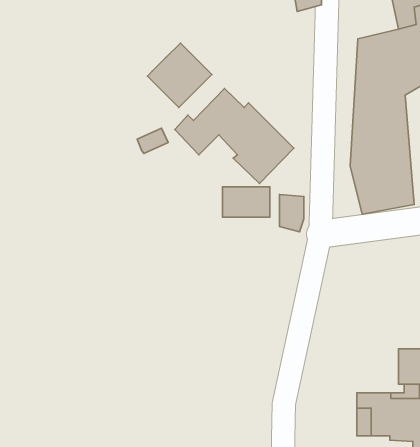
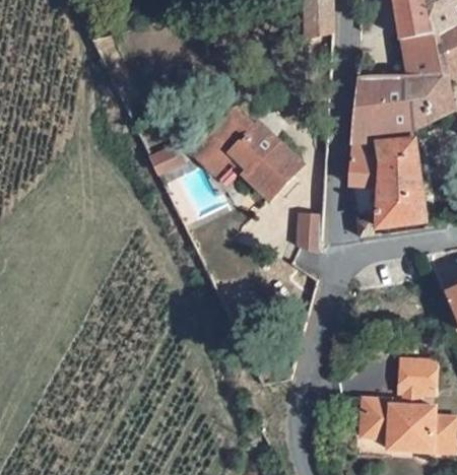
building: [147,43,212,107] -> none
building: [222,187,270,217] -> none

